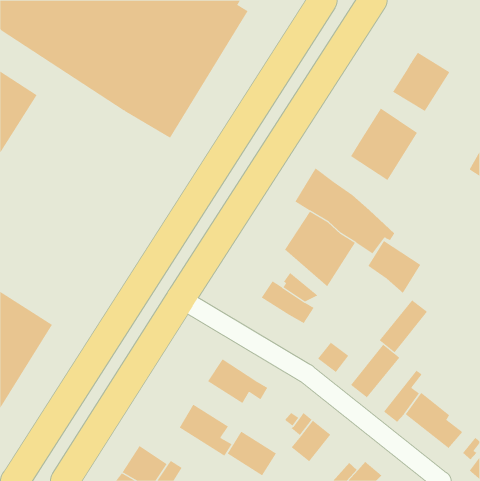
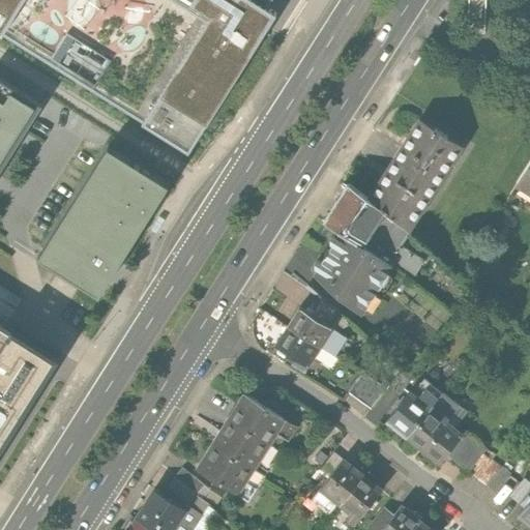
building: [392,52,450,112] -> none
building: none -> [37,146,168,295]
building: [367,240,421,294] -> [367,172,426,231]
building: none -> [275,327,318,371]
building: [379,300,428,353] -> [404,393,458,452]
building: none -> [165,468,202,506]
building: [227,431,277,476] -> [212,419,267,469]
building: none -> [343,478,383,521]

